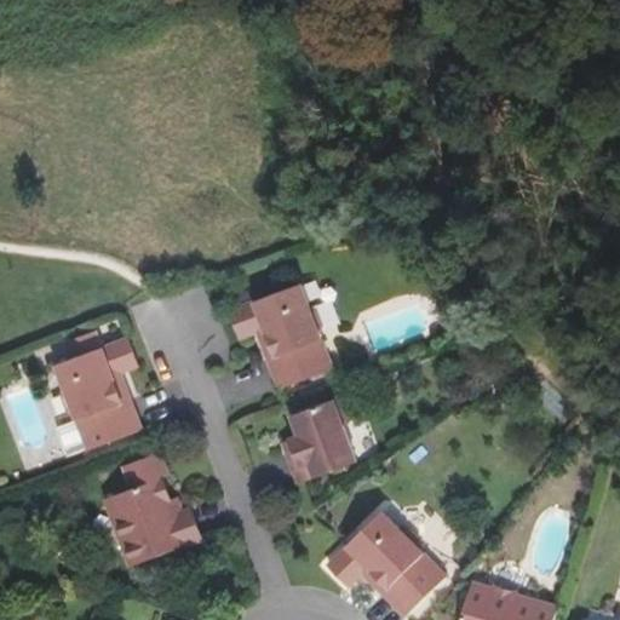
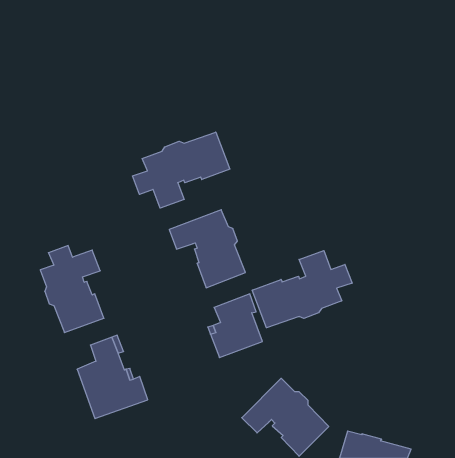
building: none -> [132,132,230,208]
building: none -> [252,251,352,328]

